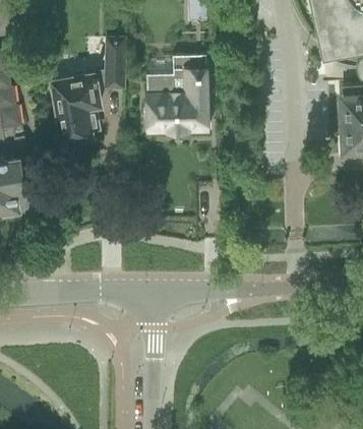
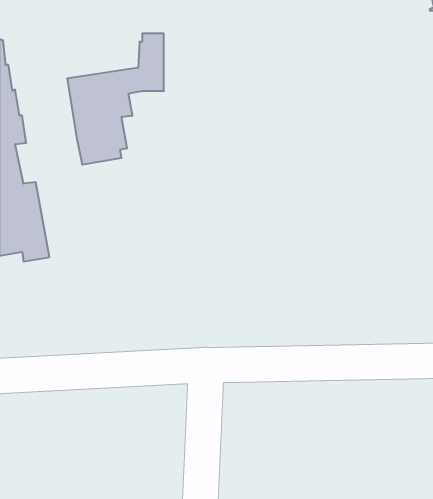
building: [145,56,208,136] -> none

